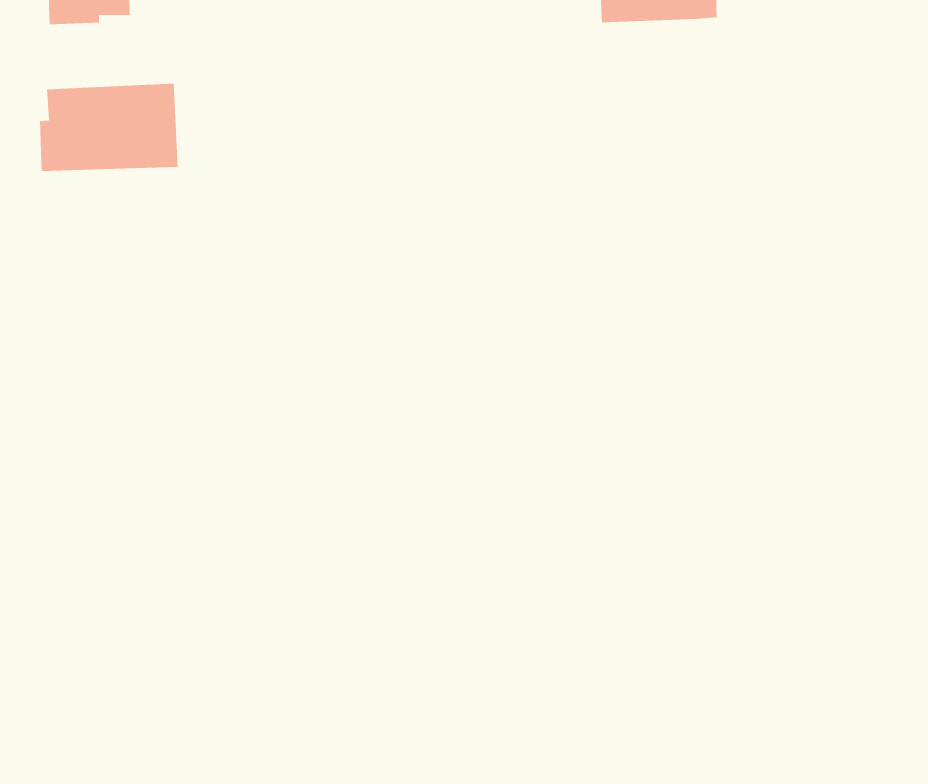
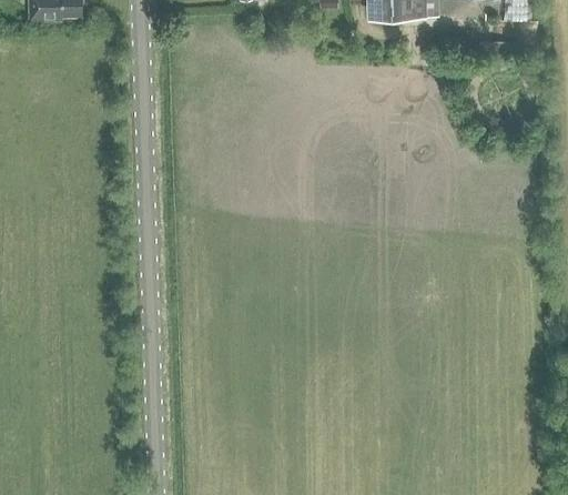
building: [39,83,178,172] -> none

